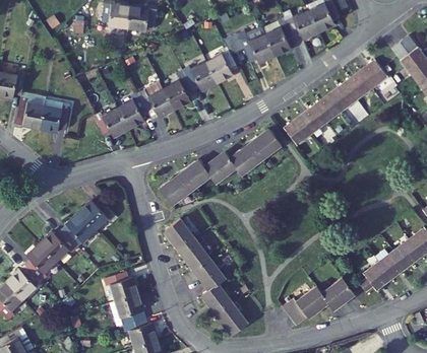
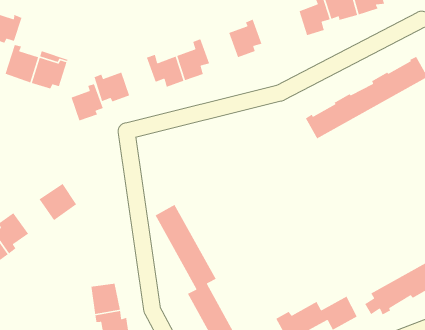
building: [240,34,276,63] -> none
building: [183,62,218,91] -> none
building: [118,93,148,129] -> [71,83,104,121]
building: [159,130,281,206] -> none
building: [79,200,116,230] -> none
building: [40,230,76,262] -> none
building: [103,272,137,300] -> none

